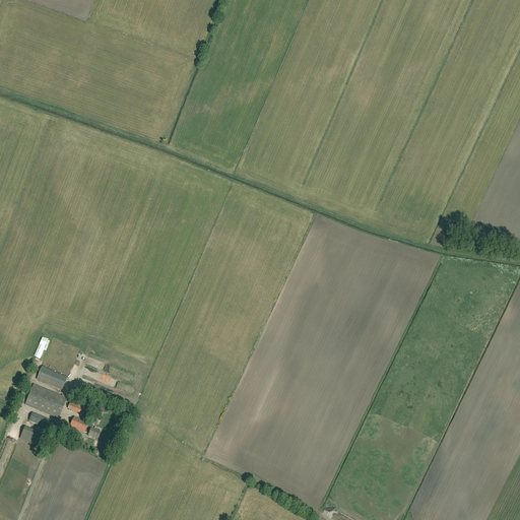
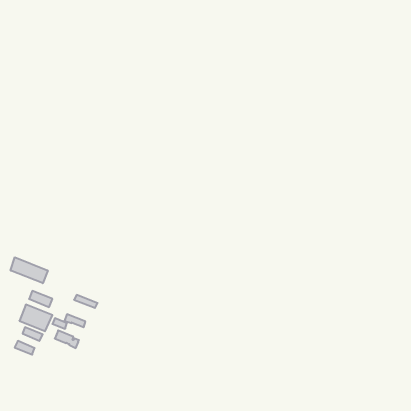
building: none -> [11,257,48,283]

